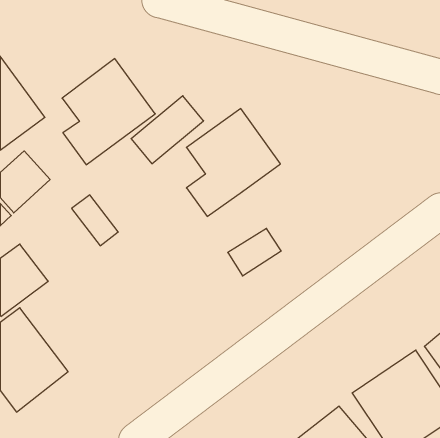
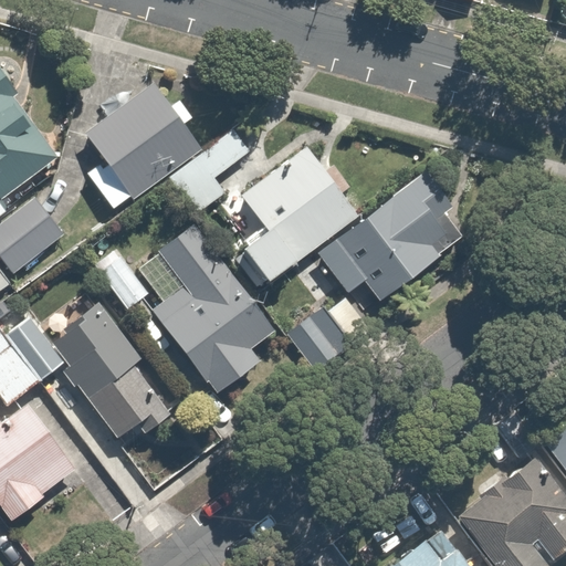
building: none -> [313,175,469,306]
building: none -> [137,226,273,395]
building: none -> [49,301,171,453]

